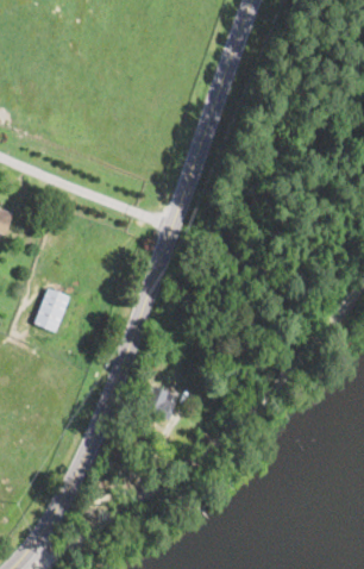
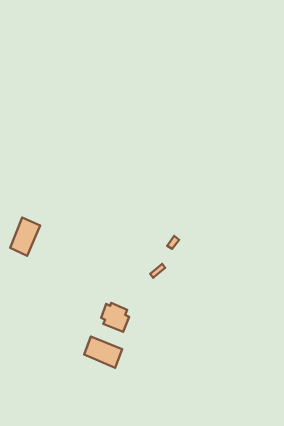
building: none -> [84,337,122,368]

